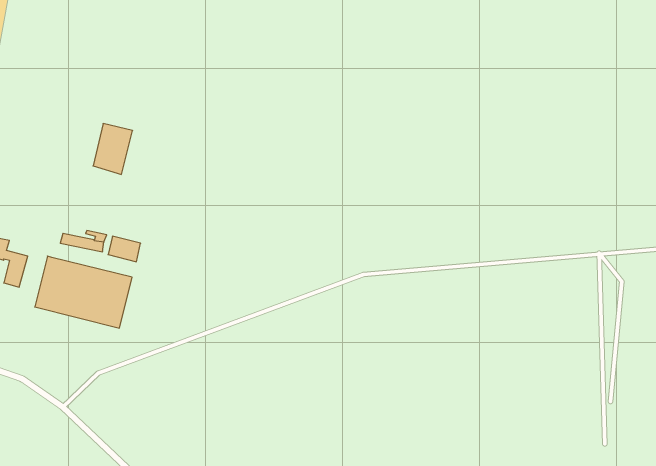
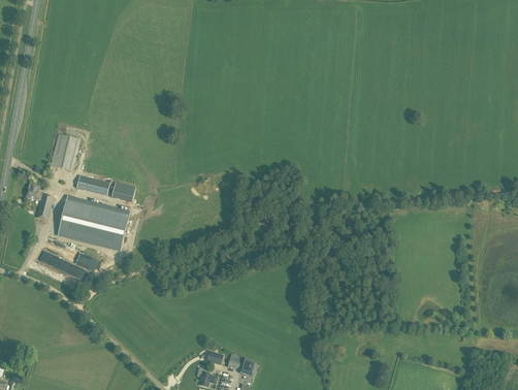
building: [93,124,133,174] -> [50,134,78,171]

